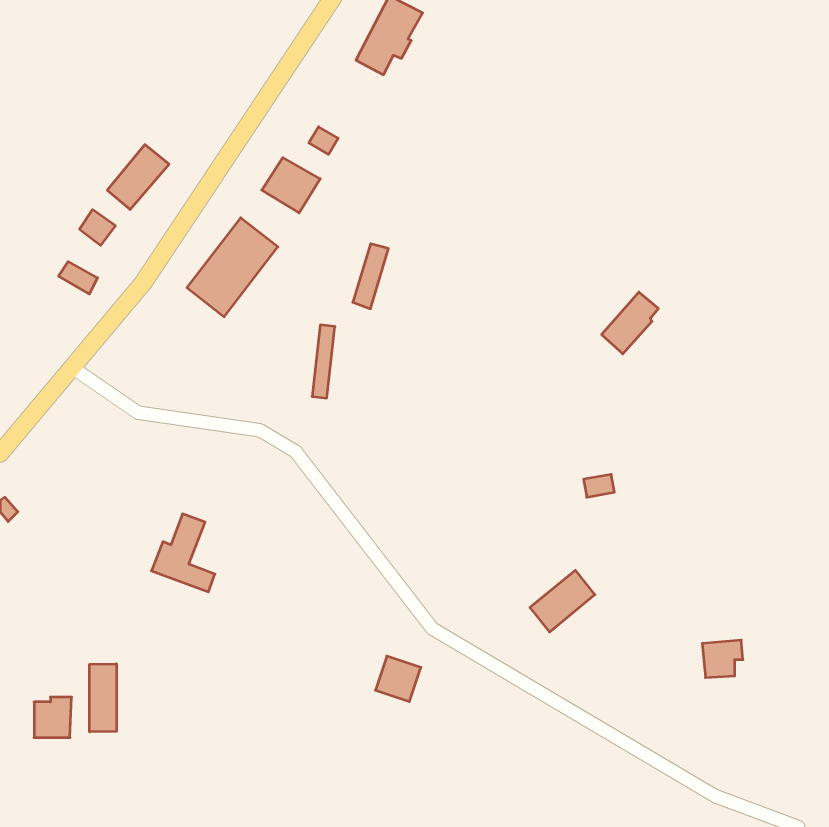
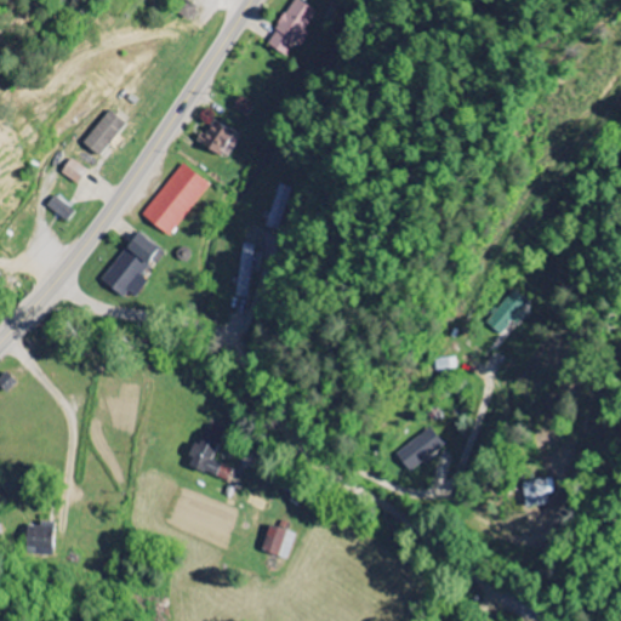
building: [602,292,658,354] -> [486,289,529,335]
building: none -> [101,232,159,302]
building: [151,514,215,592] -> [184,422,232,480]
building: [375,656,421,702] -> [260,523,294,557]
building: [90,664,116,732] -> none

